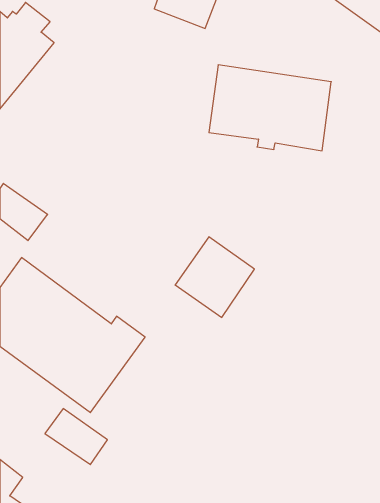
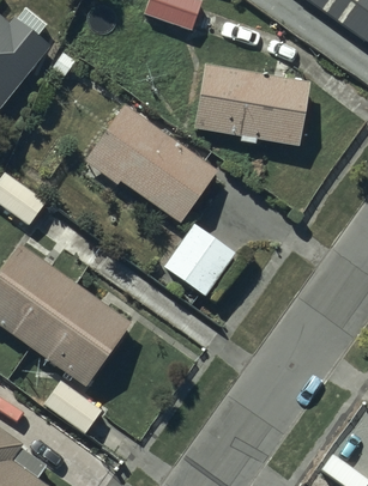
building: none -> [83,104,216,221]

